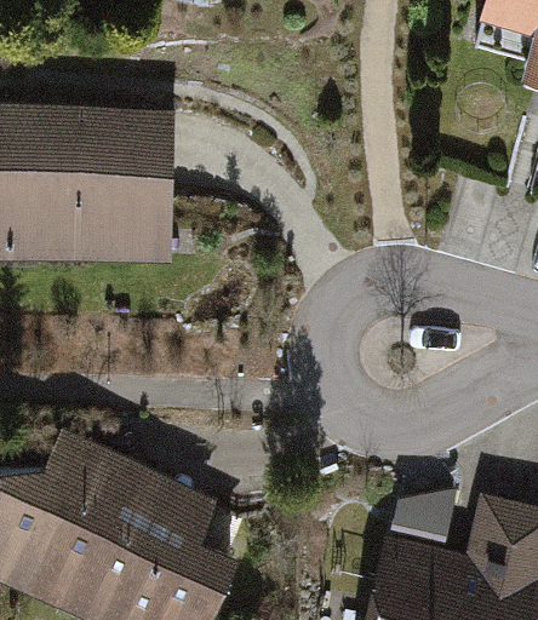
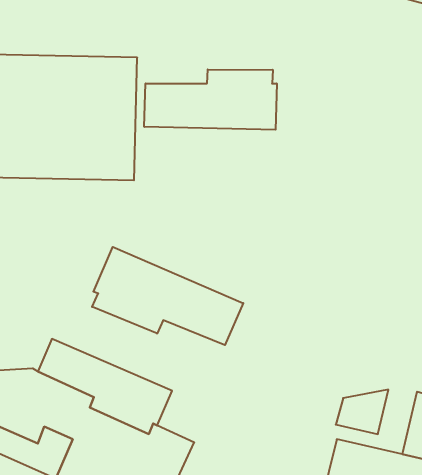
building: none -> [144,69,277,130]
building: none -> [92,247,243,345]

